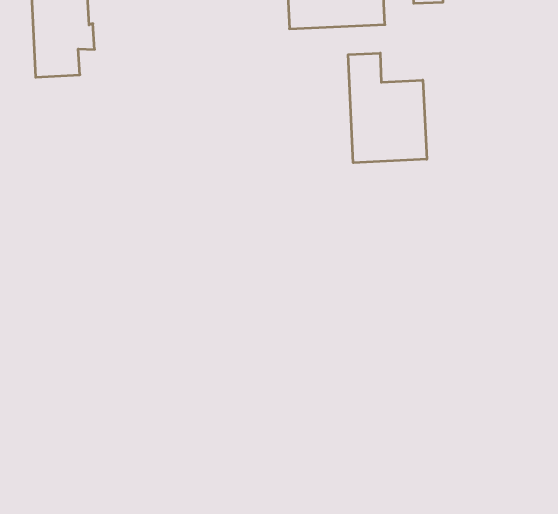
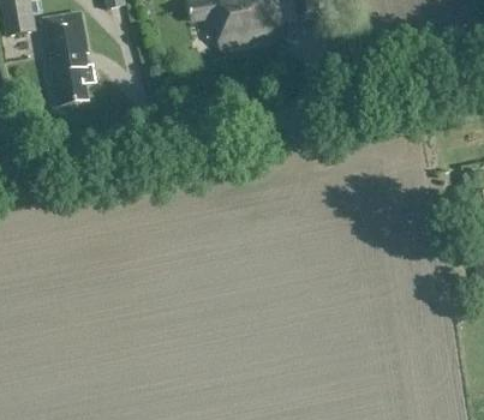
building: [348,53,427,163] -> none

